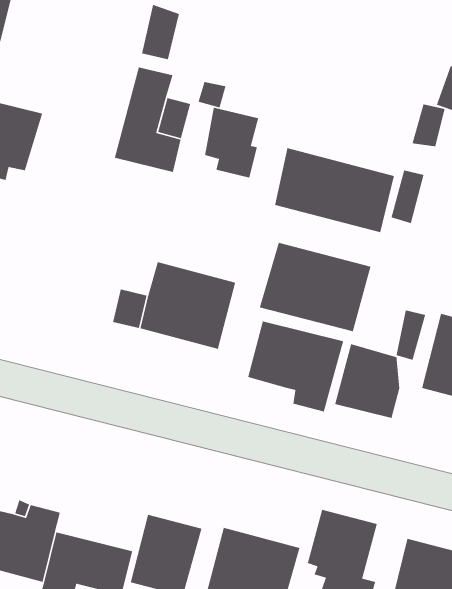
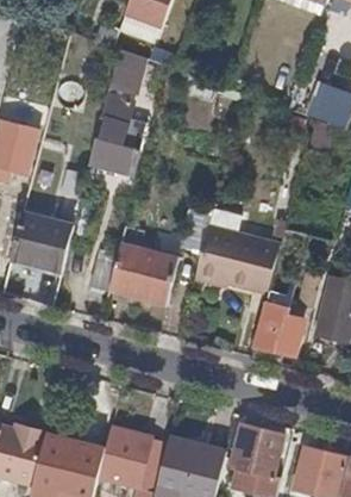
building: [204,107,259,179] -> none
building: [274,147,395,233] -> none
building: none -> [11,216,73,274]
building: [247,320,344,413] -> none

